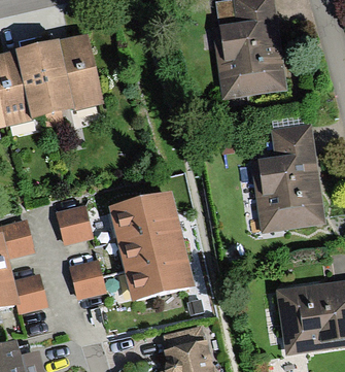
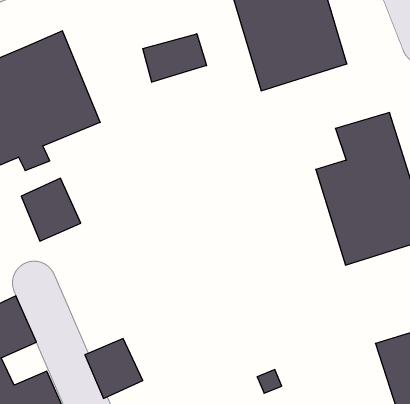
building: none -> [143,34,206,82]
building: [109,191,194,298] -> none
building: [55,202,94,244] -> [21,178,81,241]

